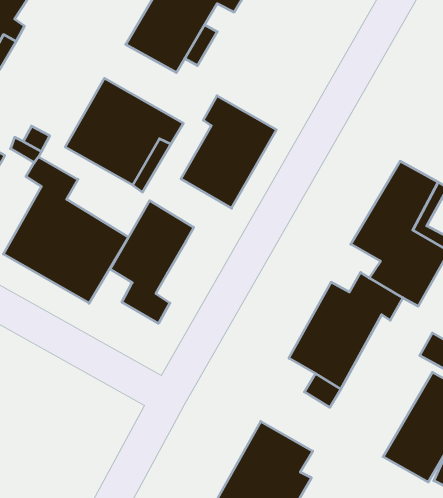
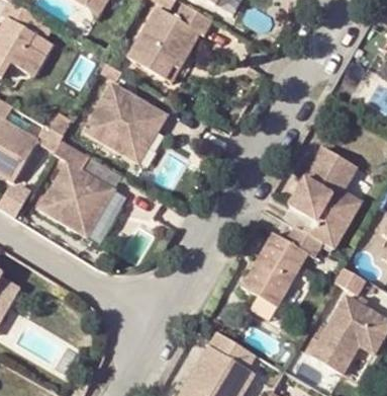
building: [181,96,276,208] -> none
building: [110,201,194,323] -> none

